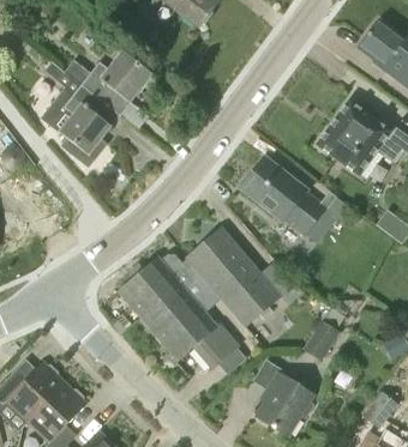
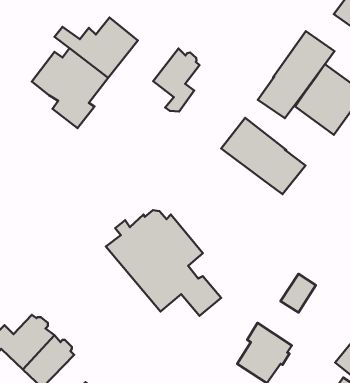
building: none -> [258,31,334,118]
building: none -> [153,48,199,111]
building: [186,225,282,327] -> none

